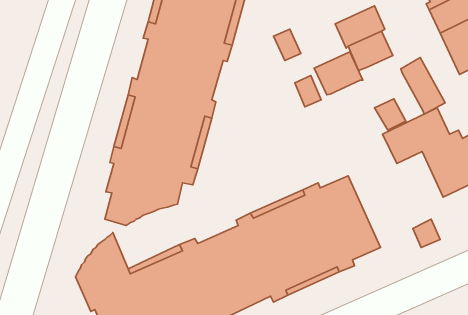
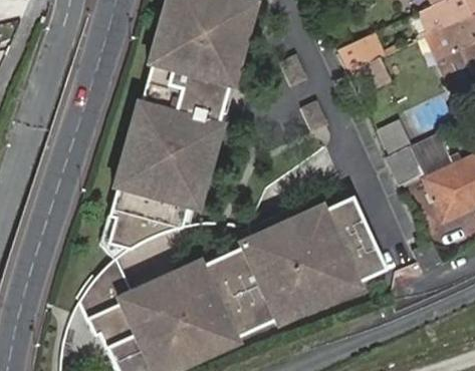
building: [314,52,363,95] -> none
building: [401,57,445,114] -> none

